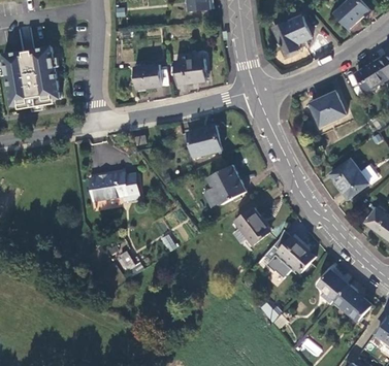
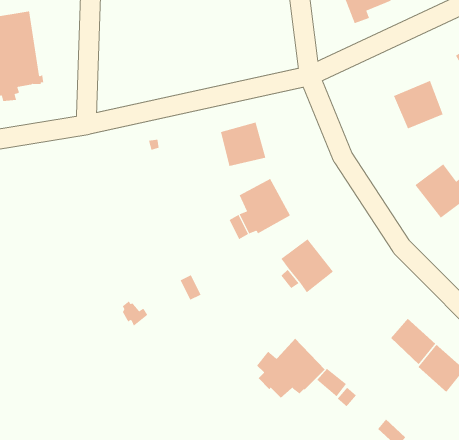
building: [177,58,209,82] -> none
building: [137,63,164,87] -> none
building: [90,173,141,203] -> none
building: [262,234,312,277] -> [256,338,325,398]

